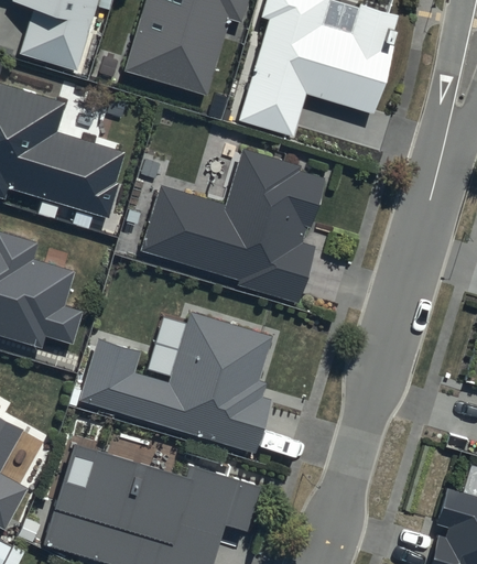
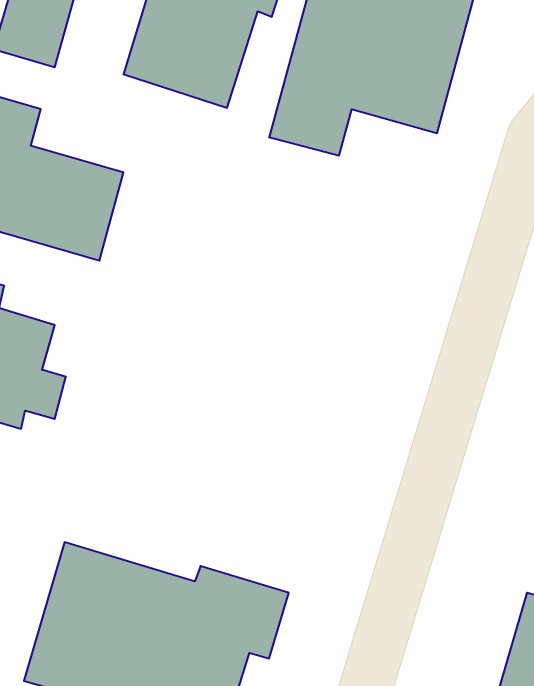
building: [140,160,334,303] -> none
building: [80,310,277,455] -> none

